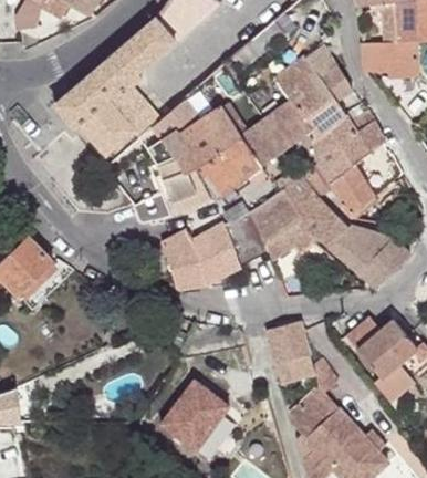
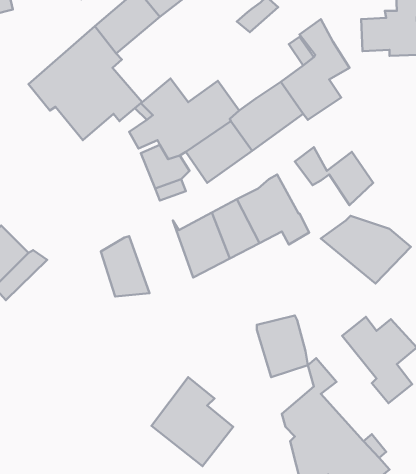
building: [310,111,385,185] -> none
building: [284,176,348,248] -> none
building: [160,231,206,288] -> [101,236,149,297]

